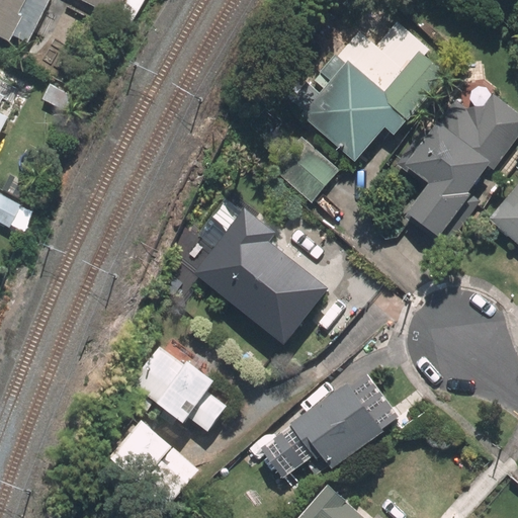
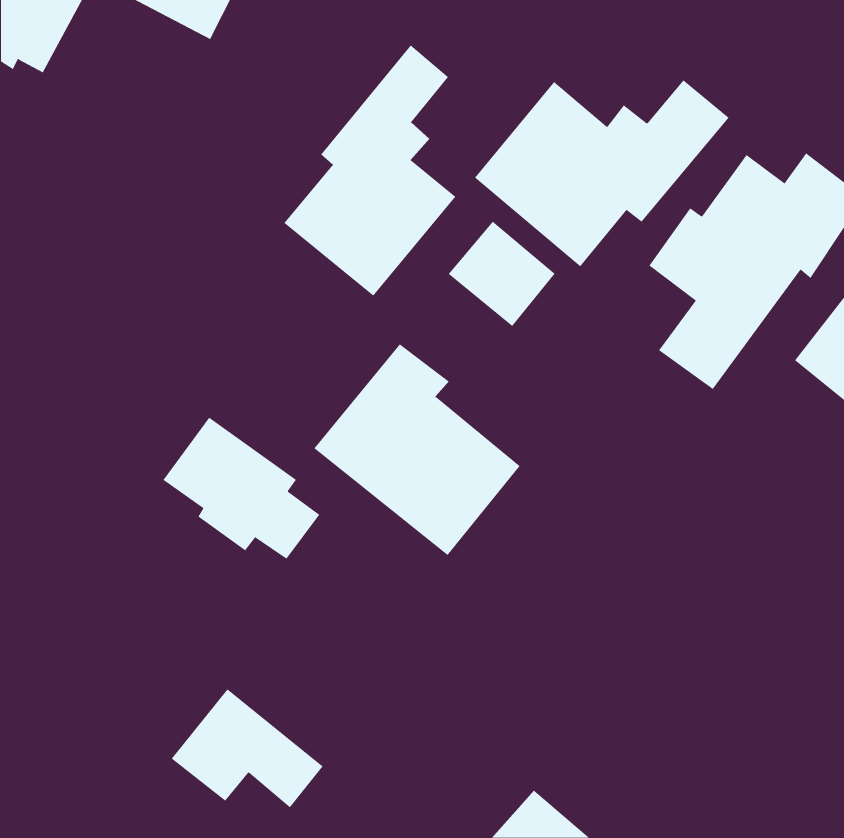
building: none -> [284,44,456,296]
building: [133,345,229,432] -> [163,417,320,560]
building: [260,370,401,478] -> none

